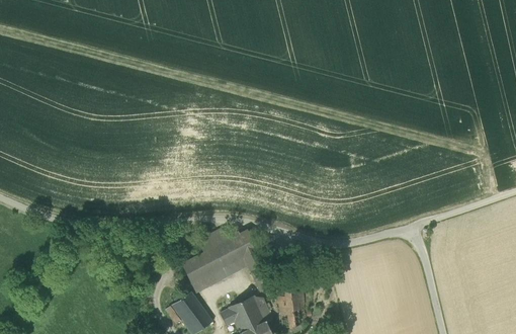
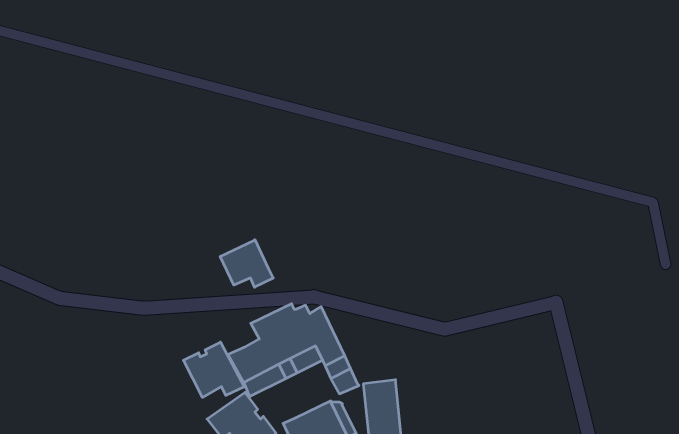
building: none -> [220,240,273,287]
building: none -> [183,342,244,397]

